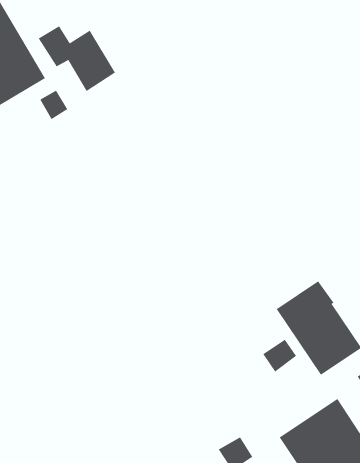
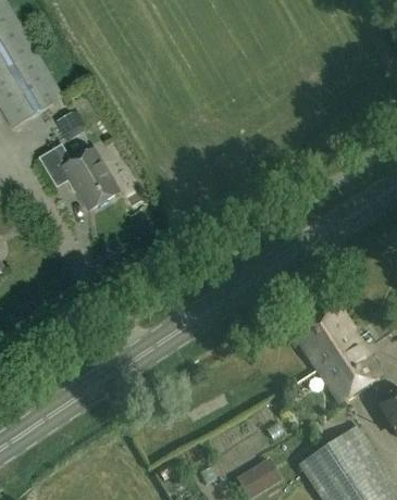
building: [38,26,116,92] -> [38,143,117,211]
building: [263,339,297,373] -> none

